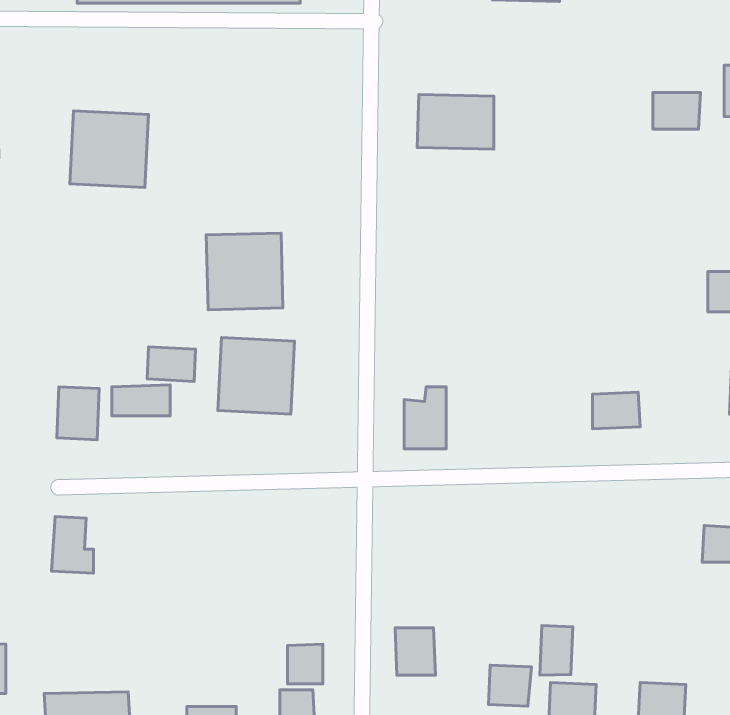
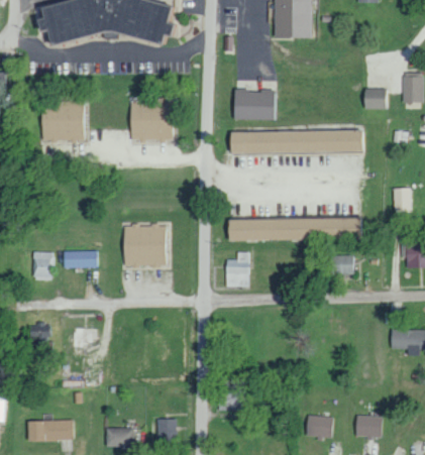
building: none -> [229,131,360,153]
building: [206,233,283,310] -> [130,99,173,141]
building: none -> [227,218,358,241]
building: [147,347,195,381] -> none
building: [540,626,573,675] -> none
building: [287,644,323,684] -> none
building: [488,665,532,706] -> none

